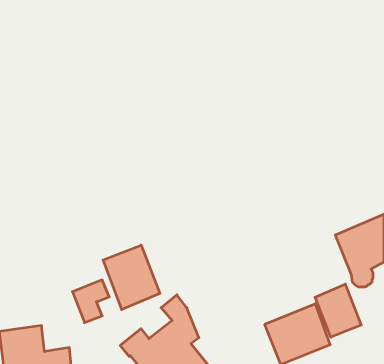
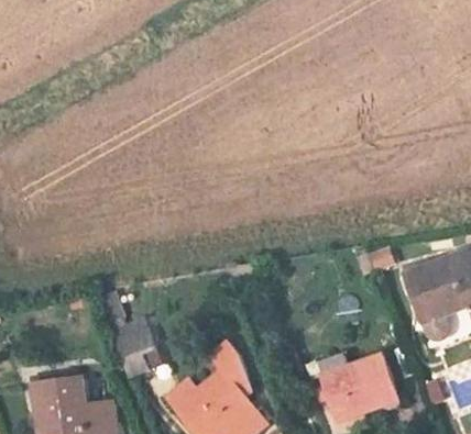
building: [103,245,160,310] -> none
building: [315,284,361,337] -> none

